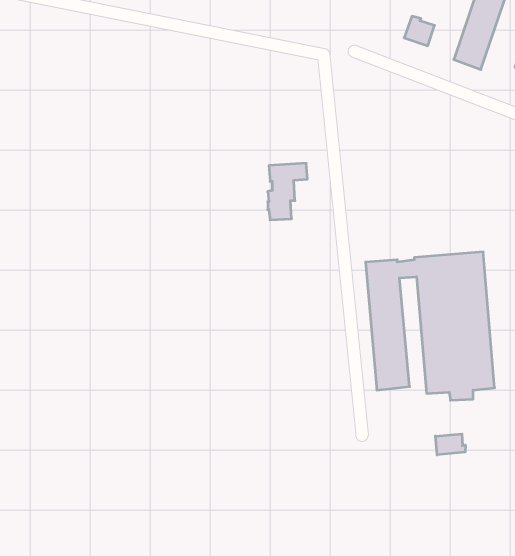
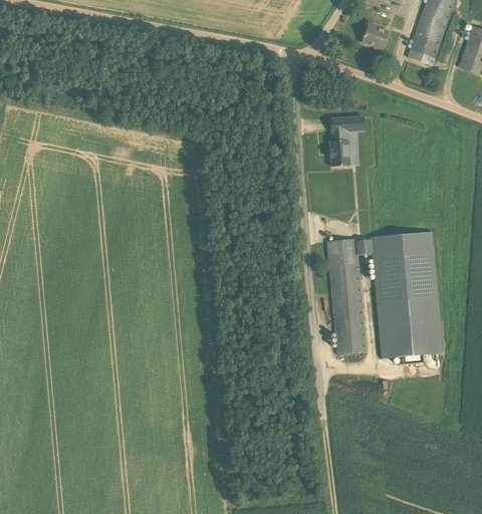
building: [268,163,307,220] -> [329,115,365,166]
building: [435,434,465,455] -> none

